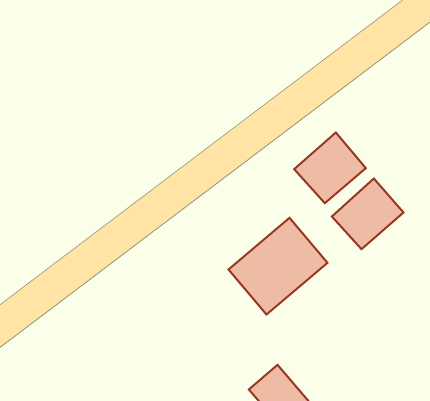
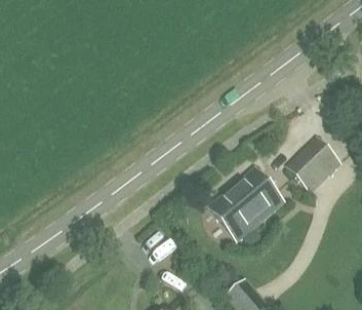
building: [294,133,366,203] -> none

